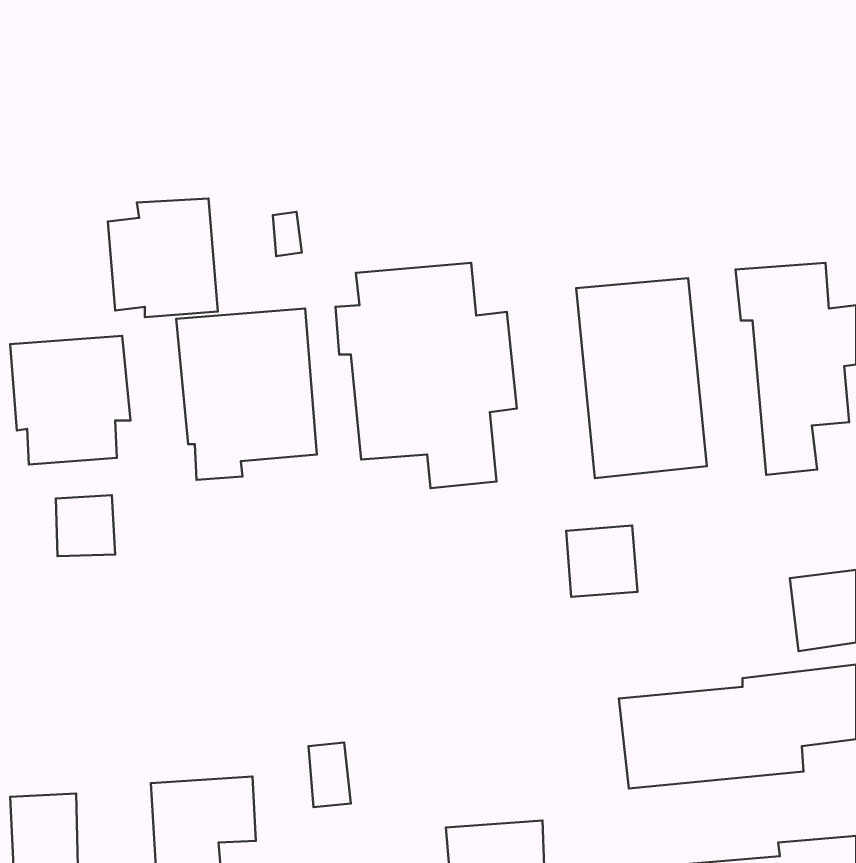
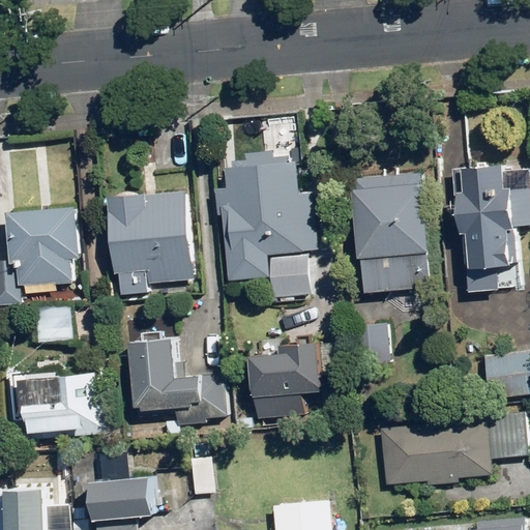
building: [108,199,218,317] -> none
building: none -> [129,338,228,425]
building: none -> [251,344,323,419]
building: none -> [11,366,101,440]

